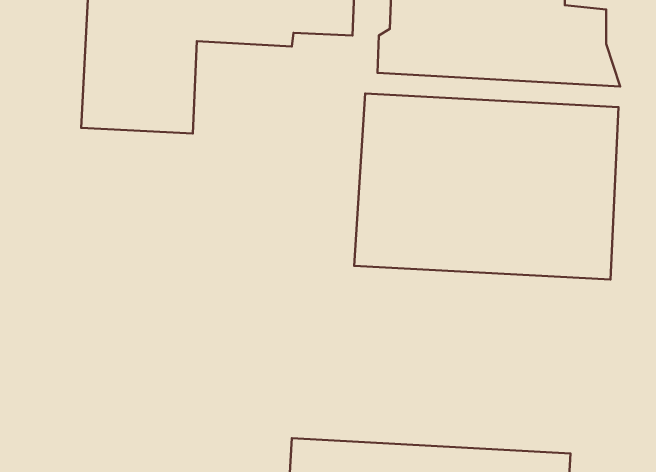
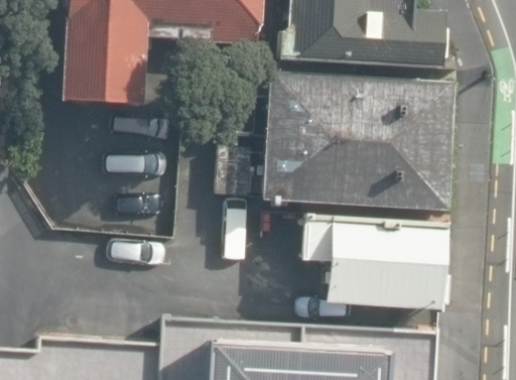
building: none -> [325,219,445,308]

